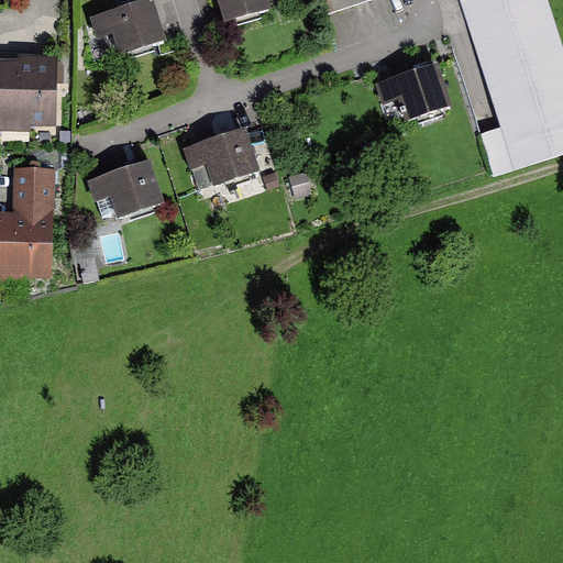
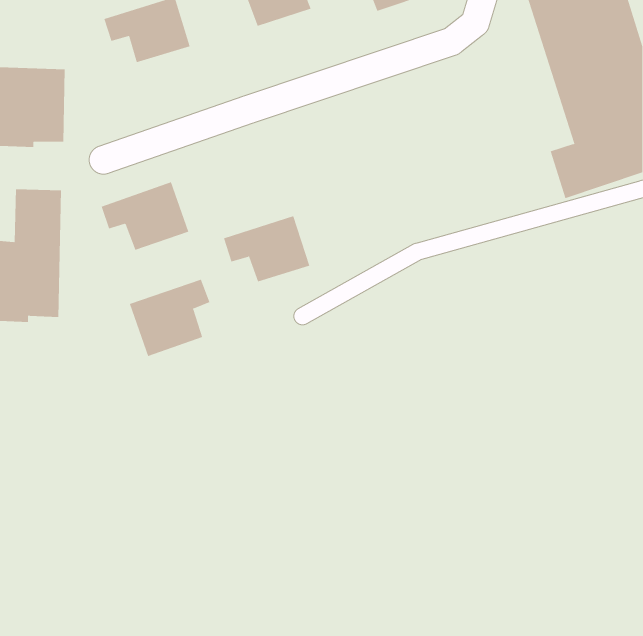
building: [375,62,452,122] -> none
building: [184,128,260,186] -> [223,216,310,282]
building: none -> [129,279,210,357]

